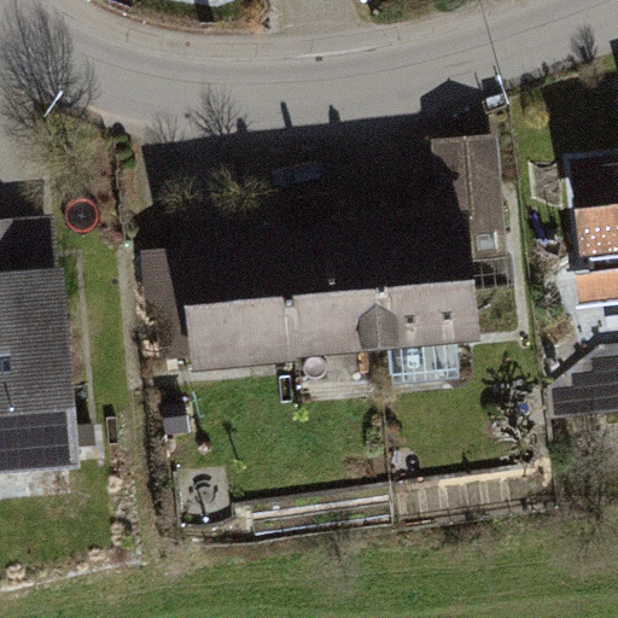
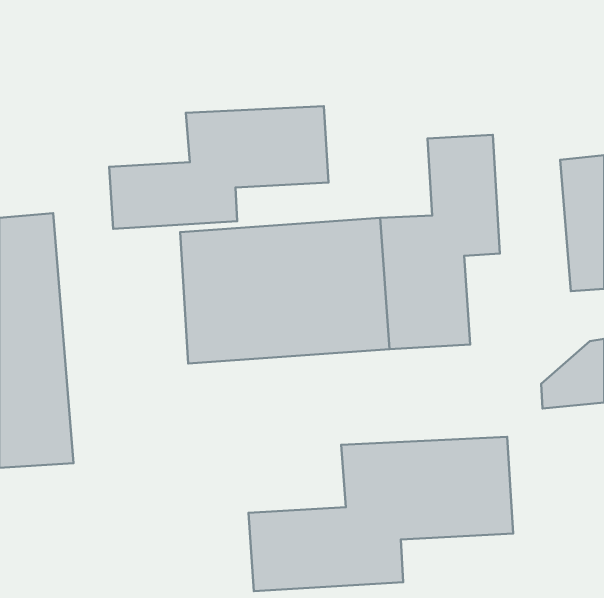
building: none -> [109,106,328,229]
building: none -> [249,437,513,591]

